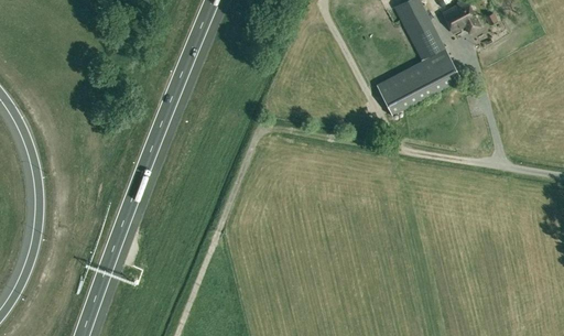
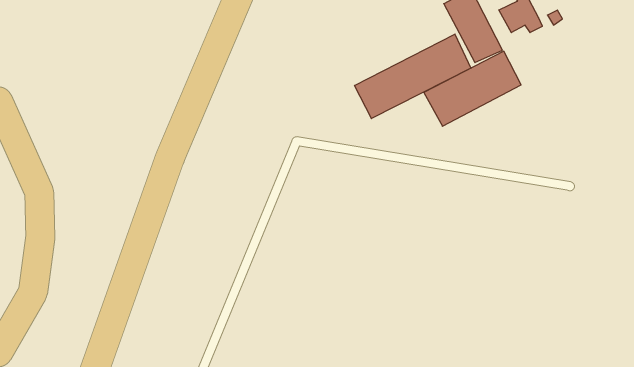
building: none -> [355,34,471,119]

